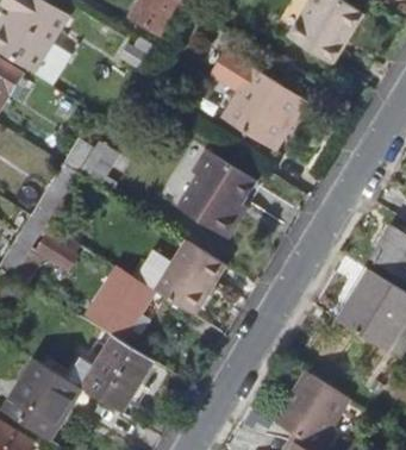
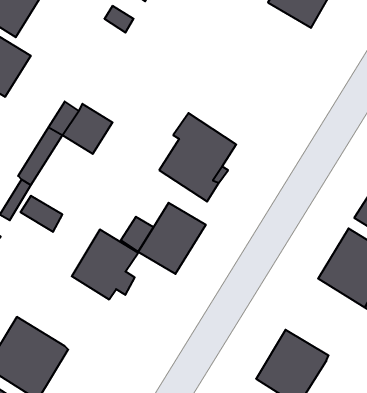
building: [211,51,305,151] -> none
building: [80,337,149,411] -> none

